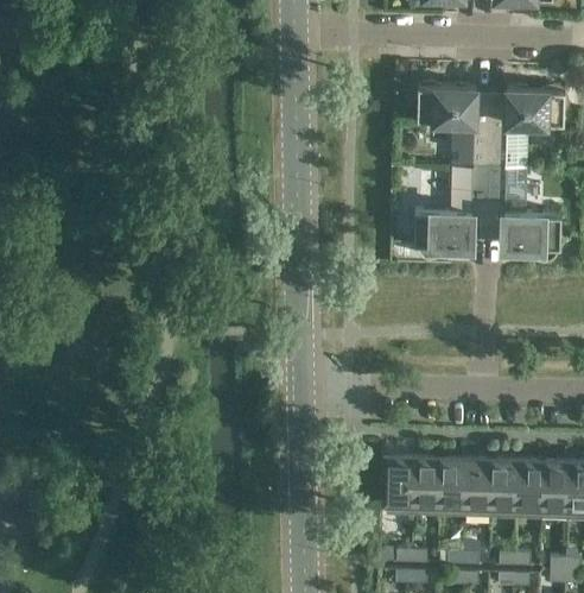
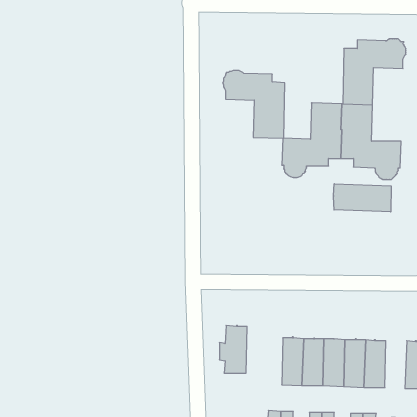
building: [413,81,490,165] -> [223,70,285,138]
building: none -> [334,184,391,212]
building: [380,455,414,515] -> [219,325,247,373]
building: [541,459,569,519] -> none

